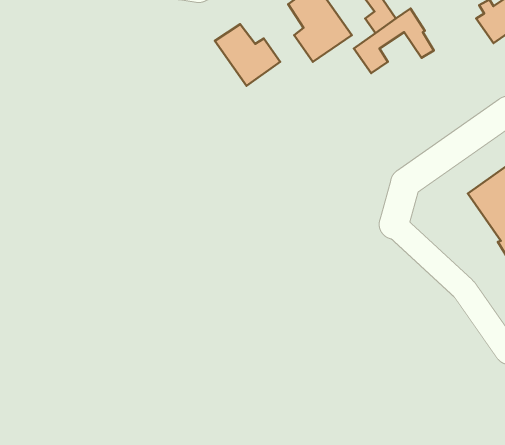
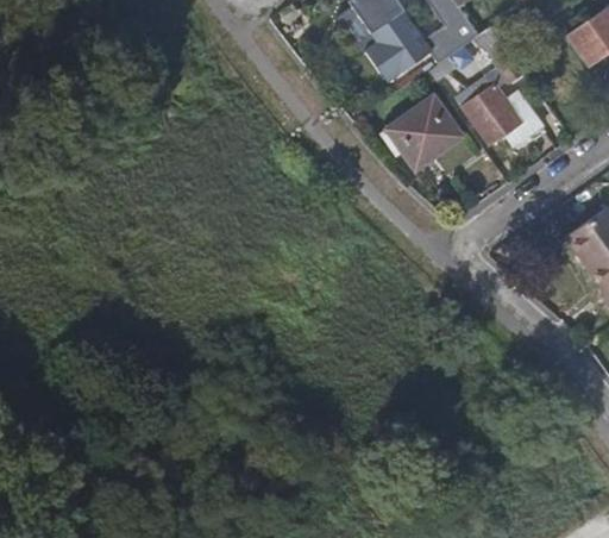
building: [215,24,280,86] -> none
building: none -> [462,81,541,144]
building: none -> [388,93,463,165]

